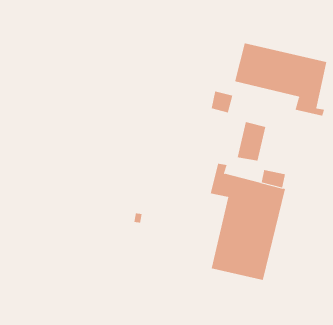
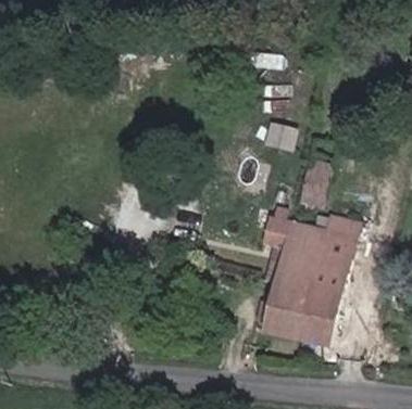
building: [235,42,327,117] -> none

